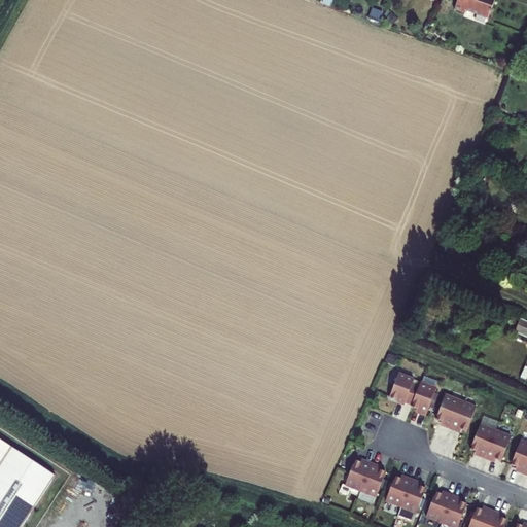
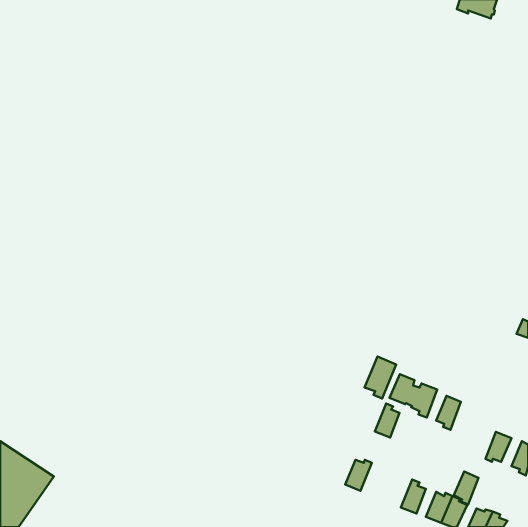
building: none -> [365,356,396,398]
building: [449,400,475,431] -> none
building: [469,424,494,457] -> [454,472,479,505]
building: [359,461,384,495] -> [375,403,400,438]
building: [384,475,411,505] -> none

